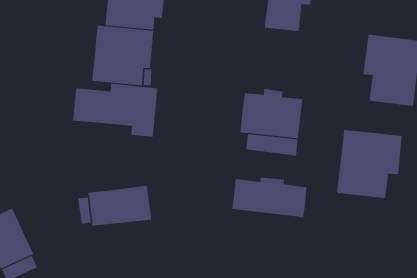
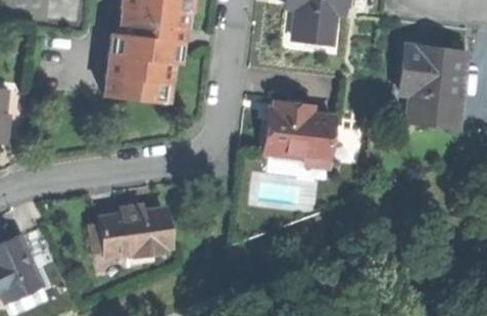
building: [72,83,158,138] -> none
building: [336,129,402,199] -> none
building: [232,177,307,218] -> none

